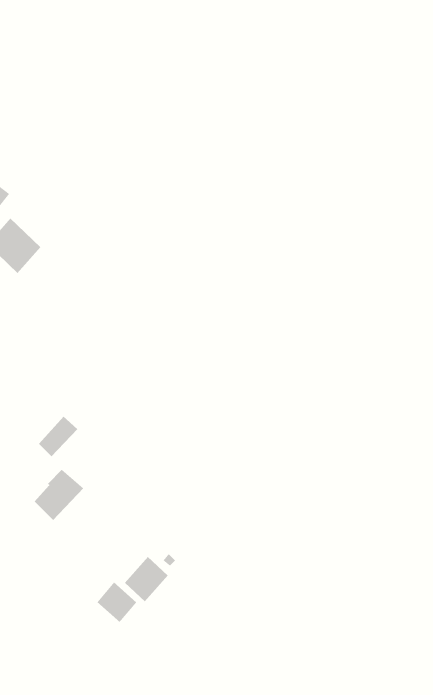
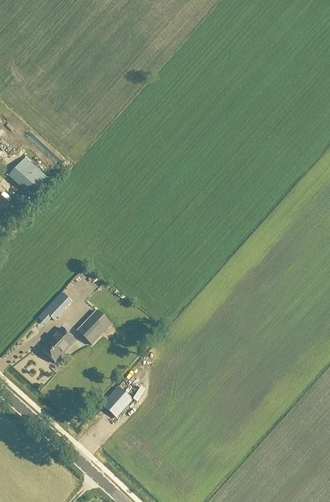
building: none -> [77,310,111,344]
building: [96,582,137,623] -> none

